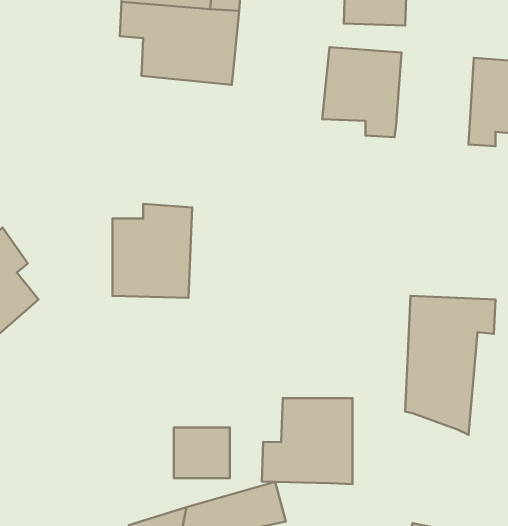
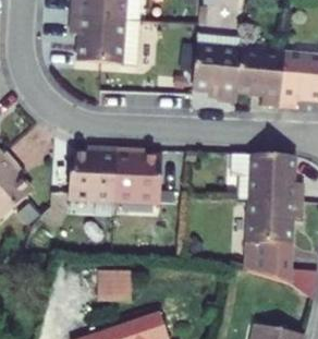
building: none -> [241,49,288,105]
building: none -> [115,143,163,199]
building: none -> [249,152,302,198]
building: [262,398,352,484] -> none

